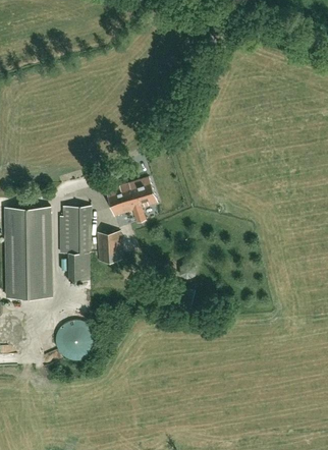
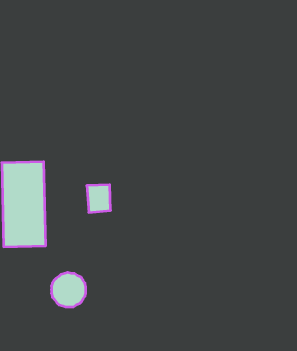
building: [105,177,156,223] -> none
building: [59,206,90,280] -> none

